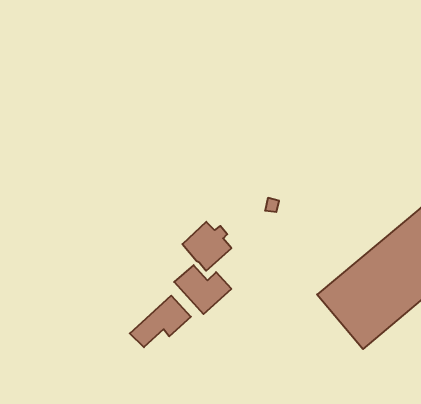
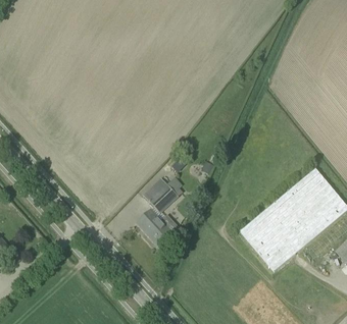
building: [130,296,191,347] -> none

